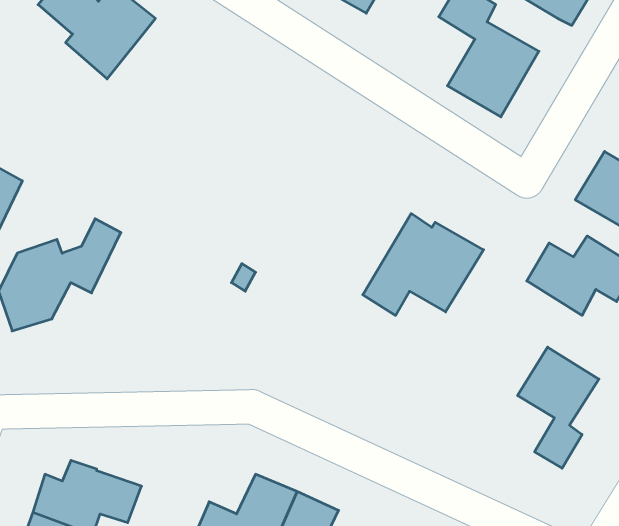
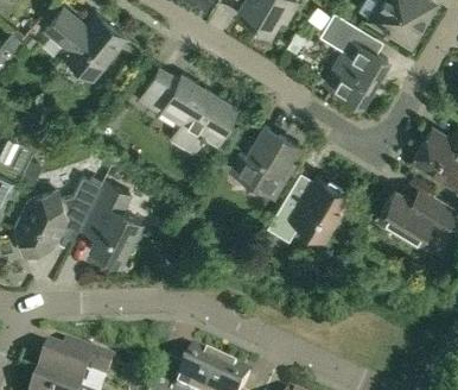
building: none -> [138,67,234,151]
building: none -> [230,126,294,195]
building: none -> [91,182,139,260]
building: [518,347,599,468] -> none

